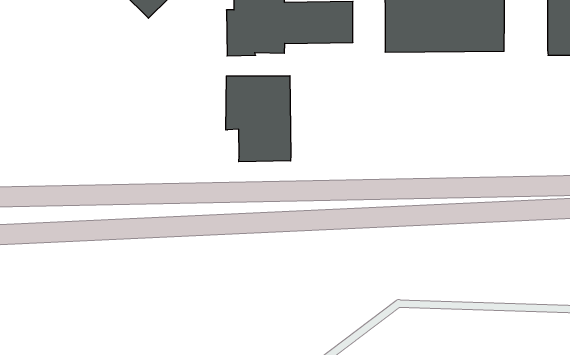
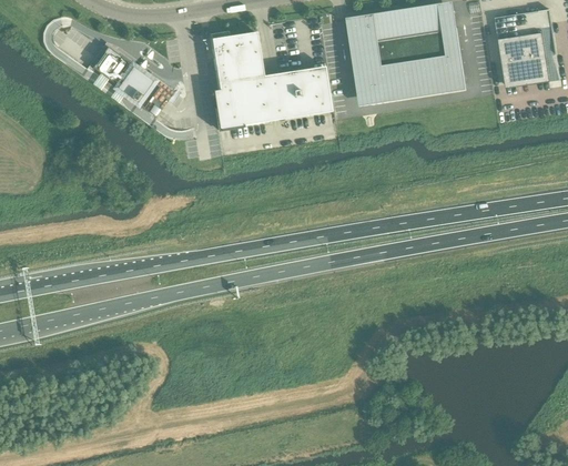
building: [226,76,291,162] -> none

